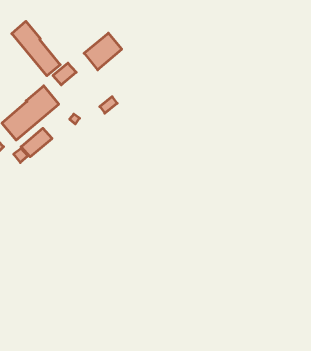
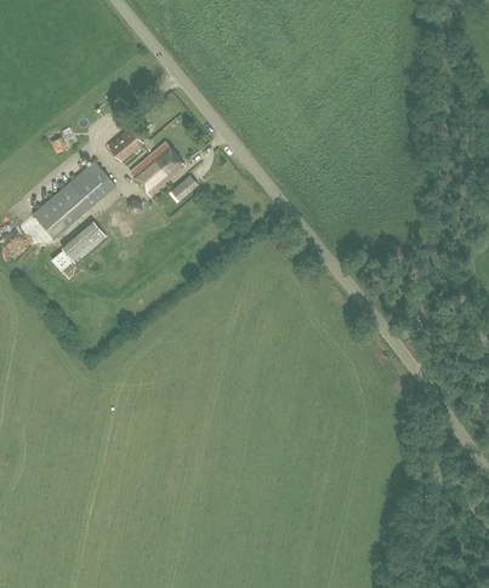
building: [12,21,60,76] -> none
building: [84,33,122,70] -> [130,142,184,195]

